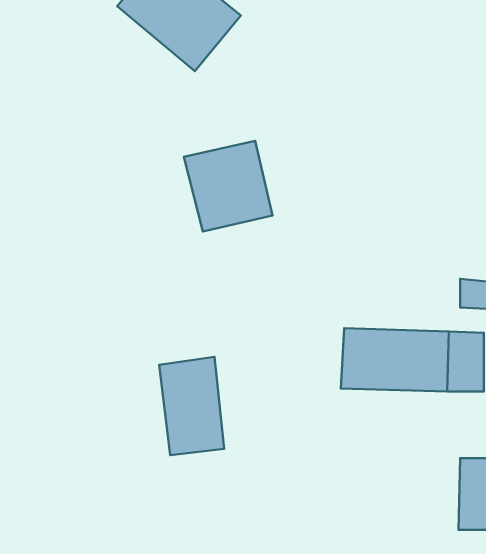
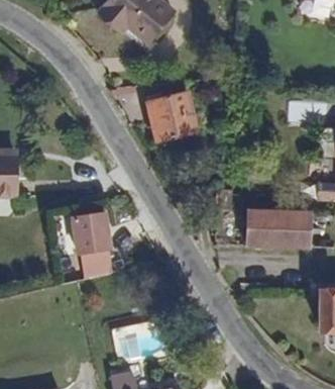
building: [159,357,224,455] -> [70,212,111,275]

